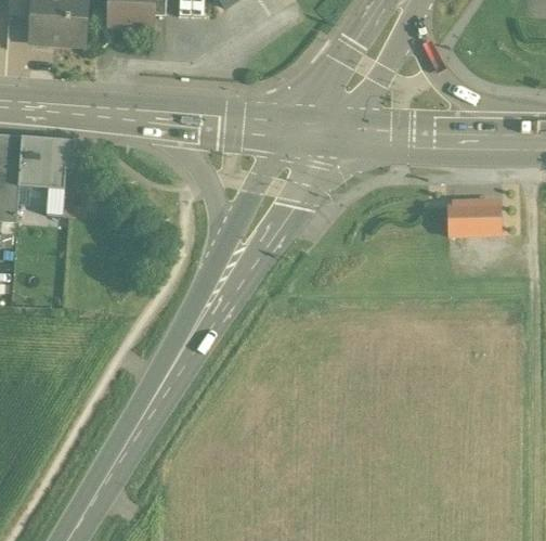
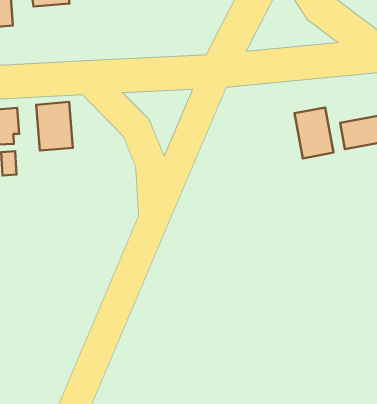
building: none -> [36,102,73,151]
building: none -> [294,107,334,158]

